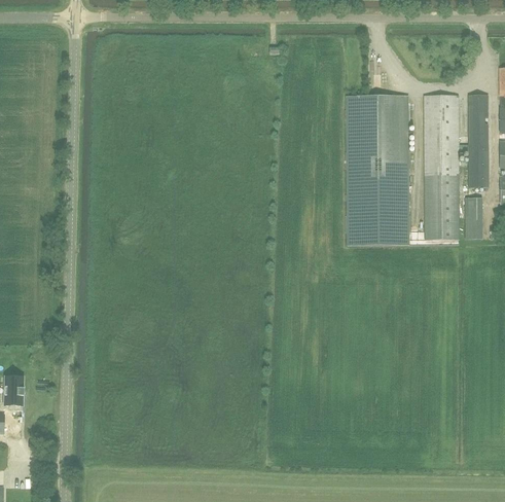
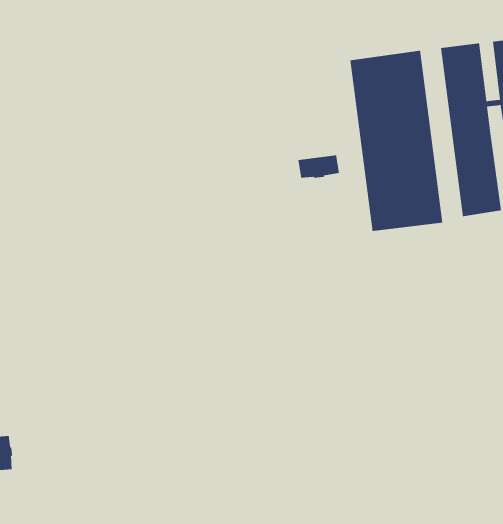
building: none -> [298,154,339,179]

